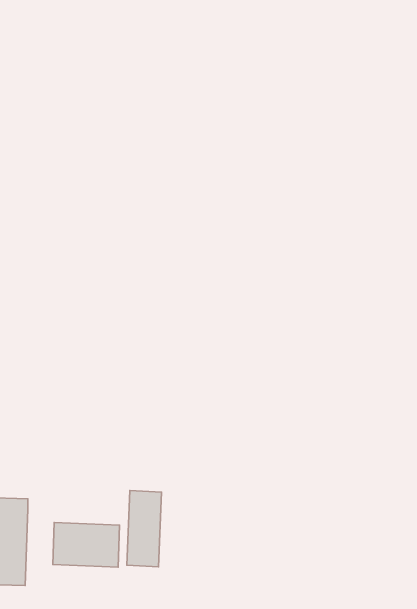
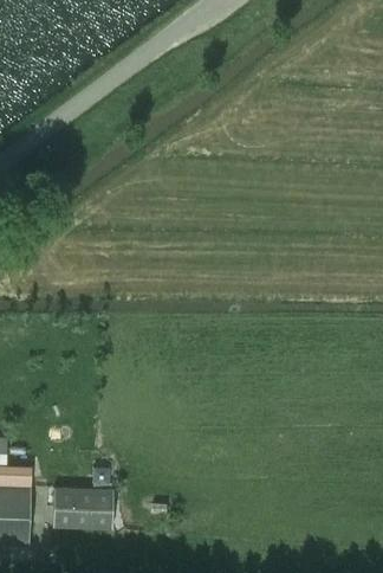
building: [127,490,162,567] -> none

